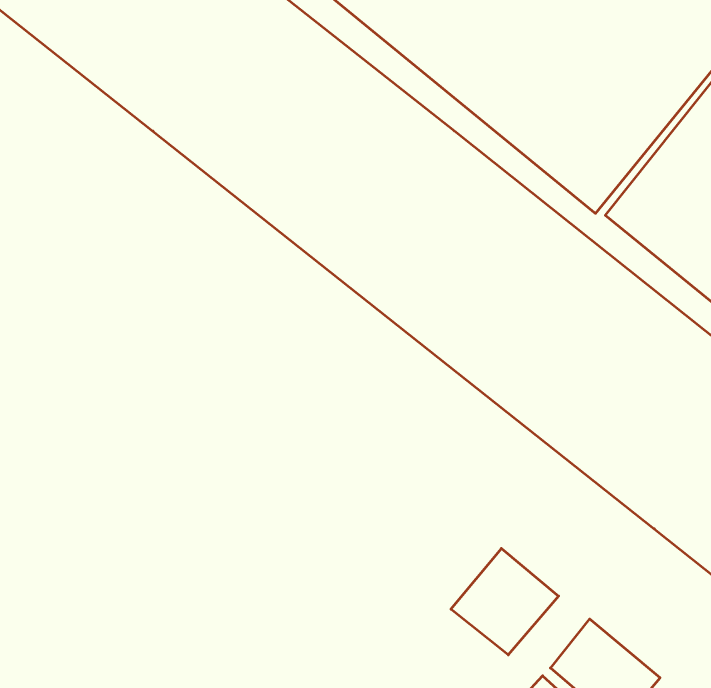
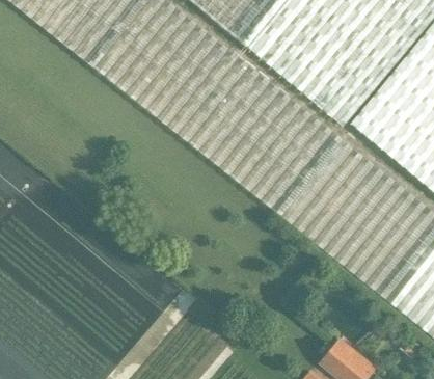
building: [451,548,559,655] -> none

